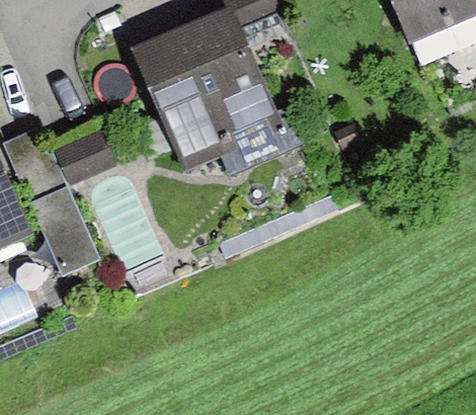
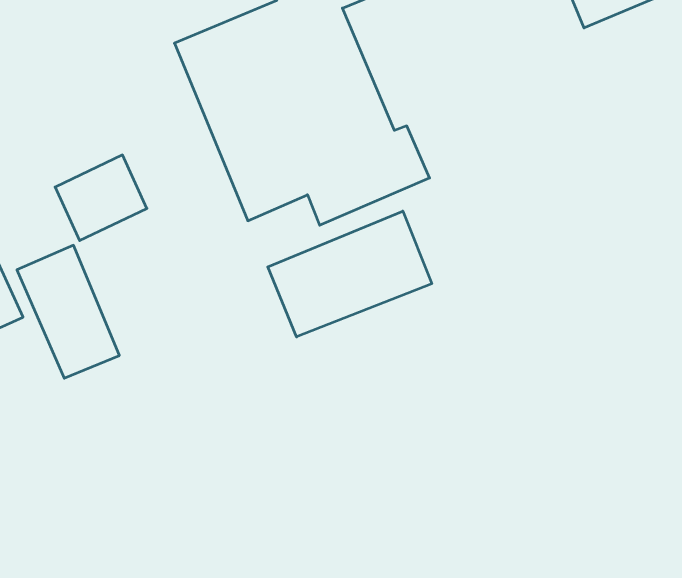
building: none -> [268,211,432,337]

